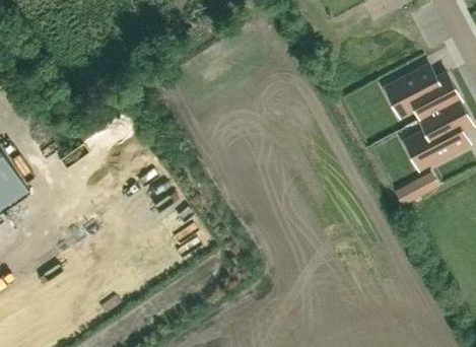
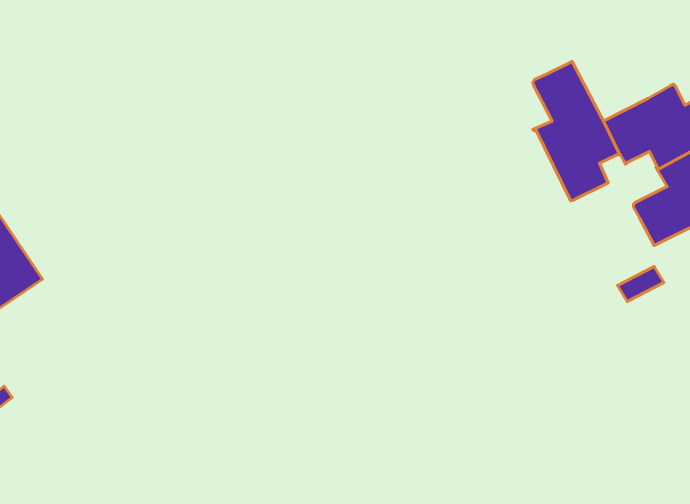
building: none -> [533,62,619,201]

